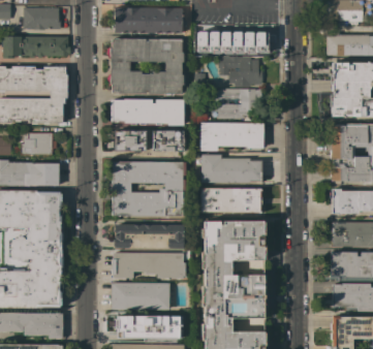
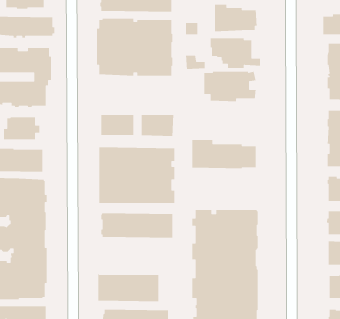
building: [112,99,184,125] -> none
building: [200,122,265,152] -> none
building: [201,188,263,213] -> none
building: [113,251,191,278] -> none

